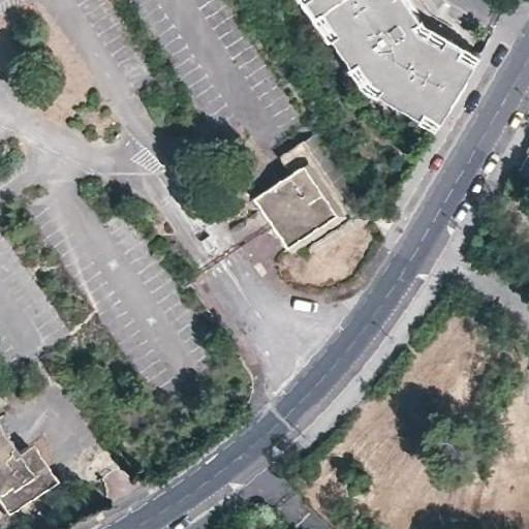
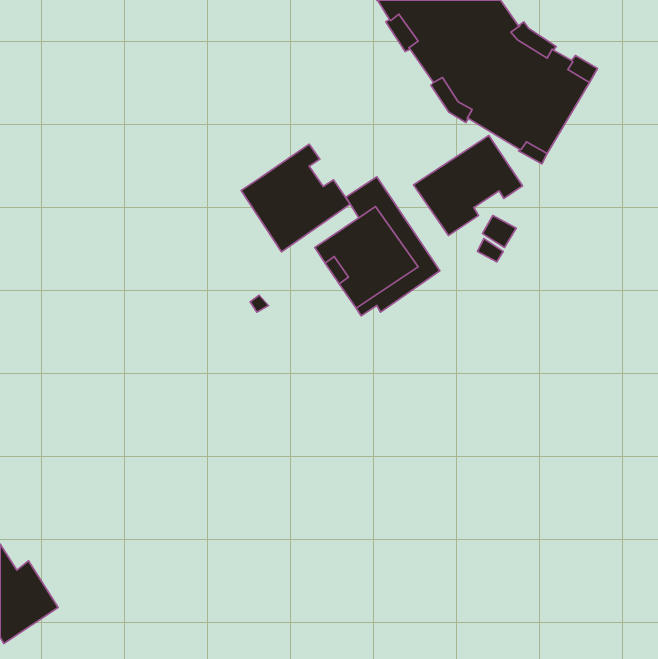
building: none -> [414,136,523,235]
building: none -> [241,144,350,252]

